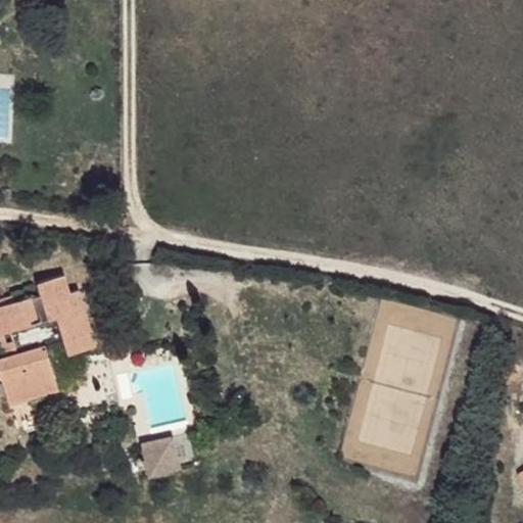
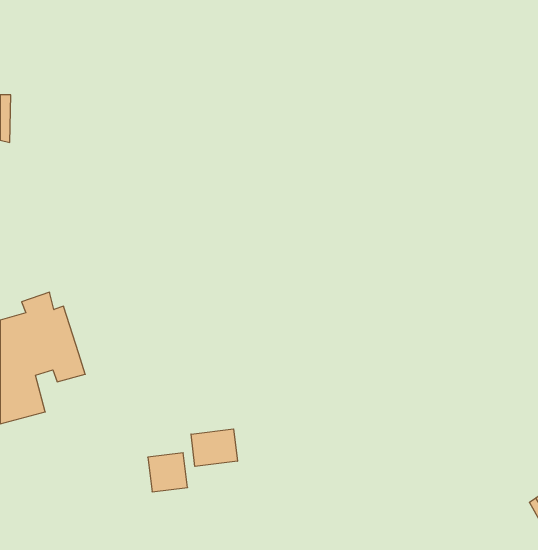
building: none -> [191,429,237,466]

